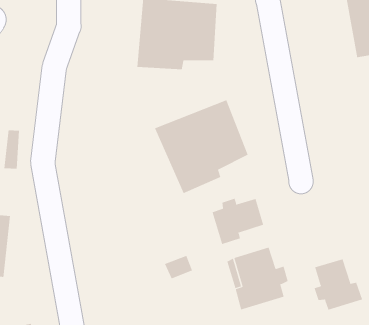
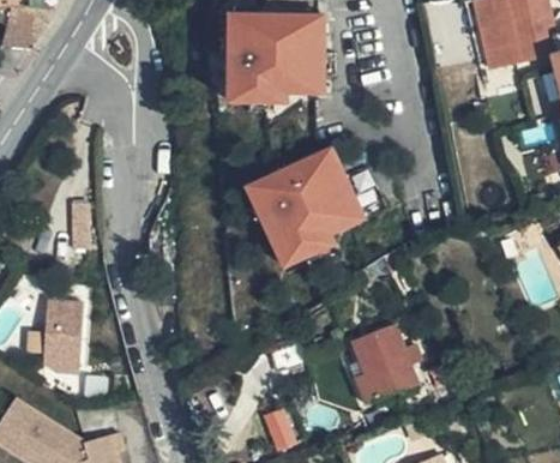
building: [212,198,264,245] -> none
building: [314,258,363,311] -> none

